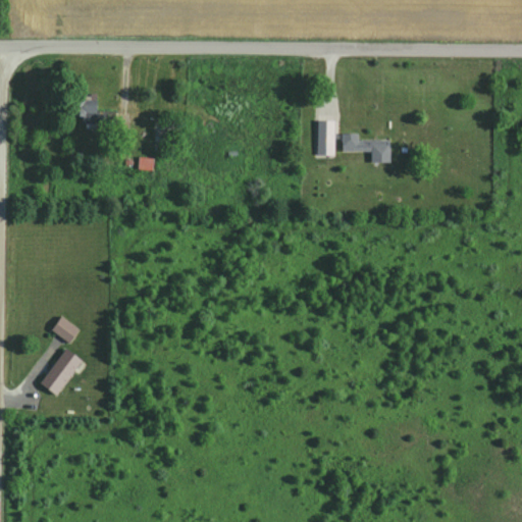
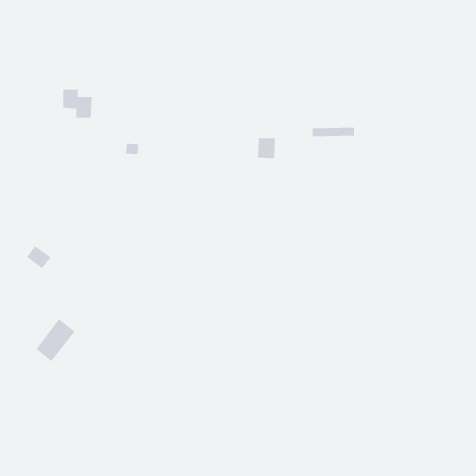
building: [316,134,336,157] -> [257,138,276,159]
building: [51,316,79,343] -> [26,245,52,269]

